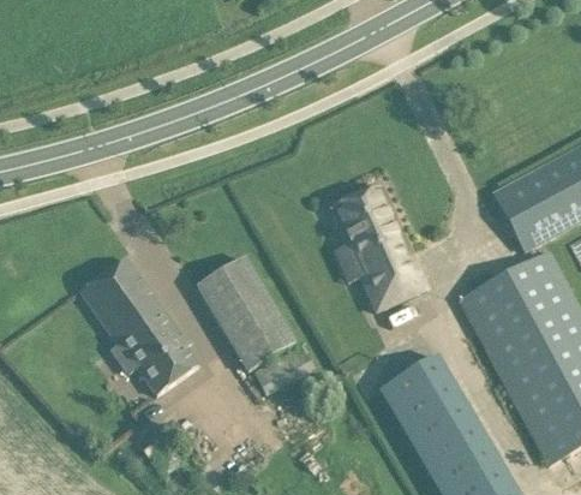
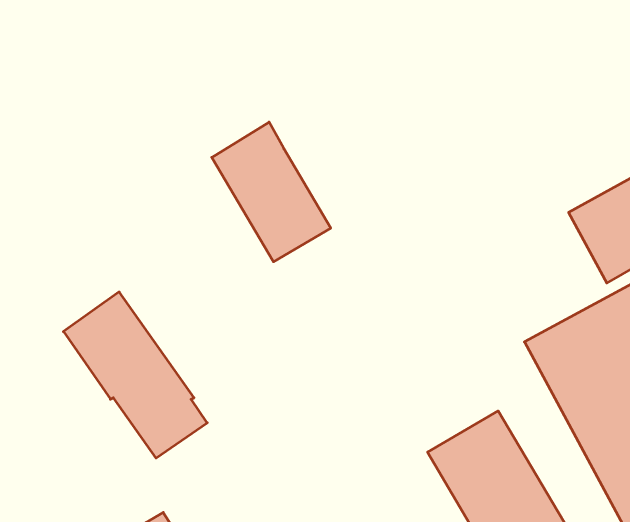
building: [330,183,426,309] -> none
building: [197,255,294,369] -> [212,122,331,262]

